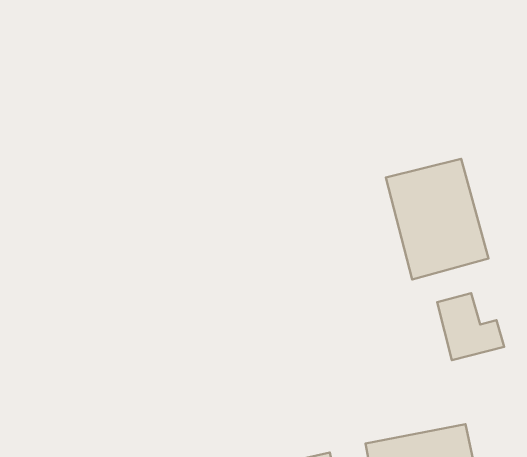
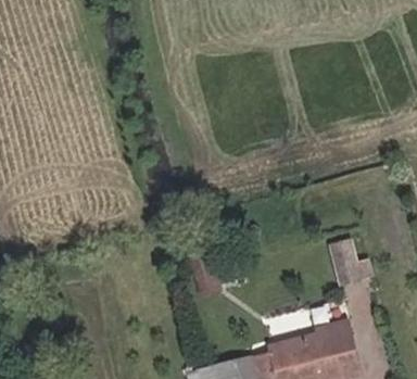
building: [386,159,488,279] -> none

